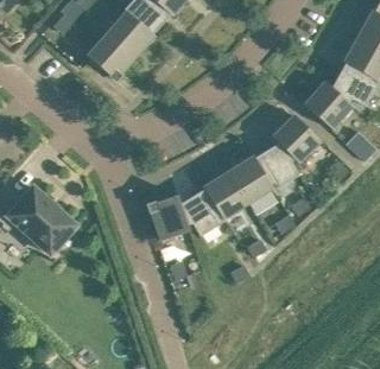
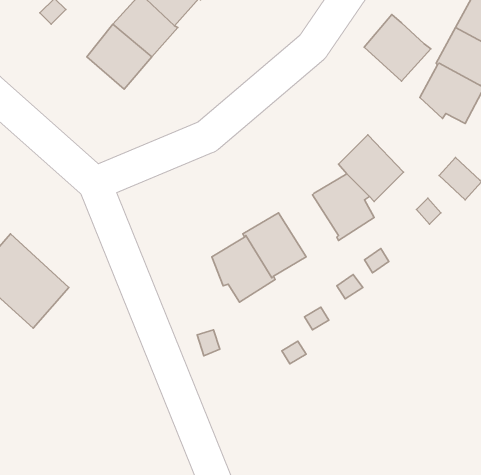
building: [304,81,353,129] -> [364,15,431,81]
building: [228,155,272,203] -> none
building: [147,195,189,241] -> none

